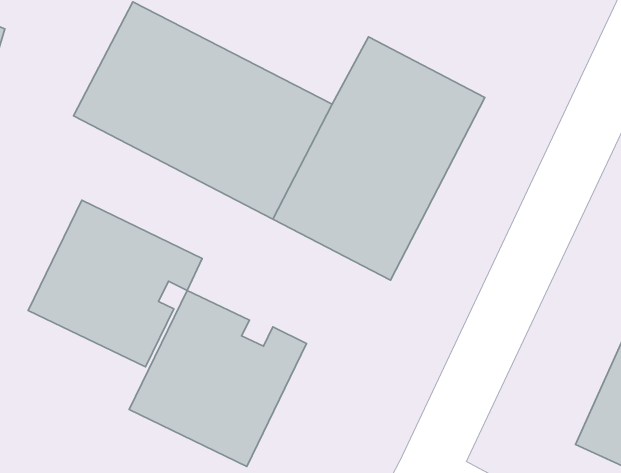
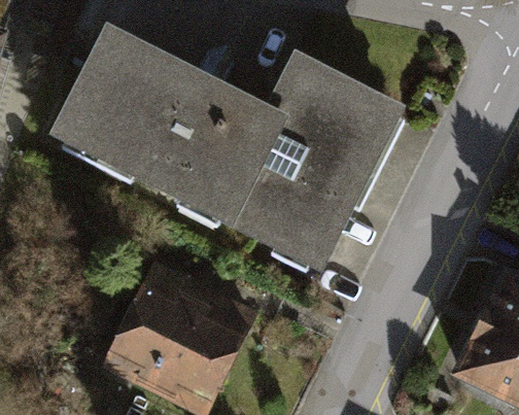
building: [28,200,202,367] -> none

